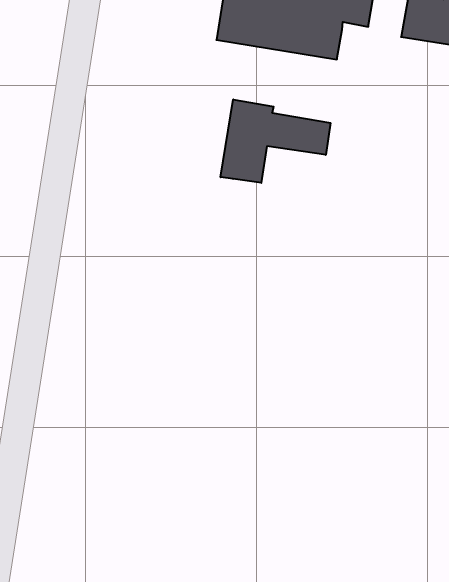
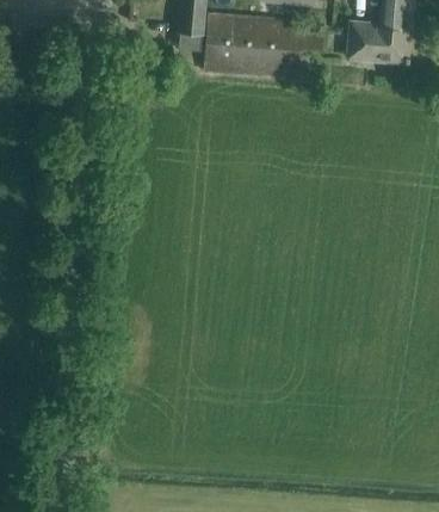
building: [221,99,330,183] -> none

